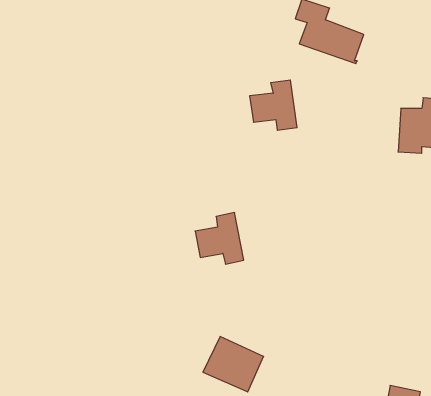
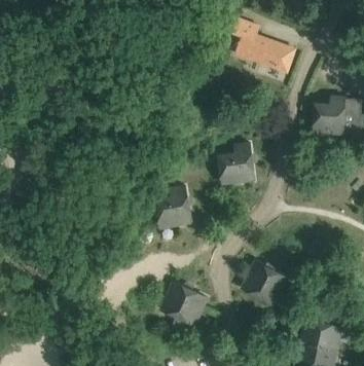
building: [250,80,297,130] -> [217,145,254,184]
building: none -> [241,263,288,307]

